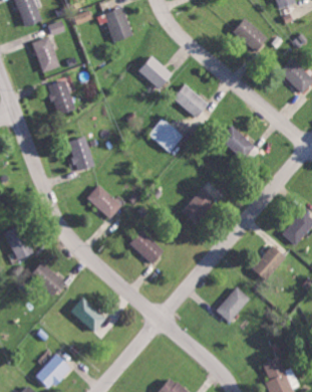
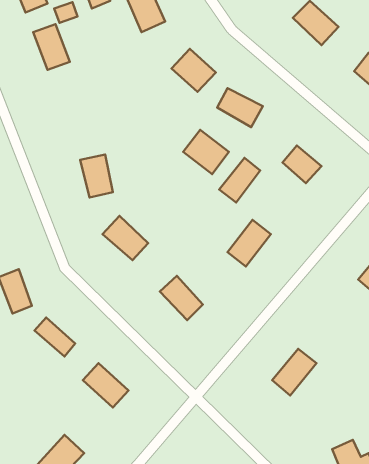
building: [48,79,74,115] -> none
building: none -> [219,158,260,202]
building: [252,244,286,279] -> none

